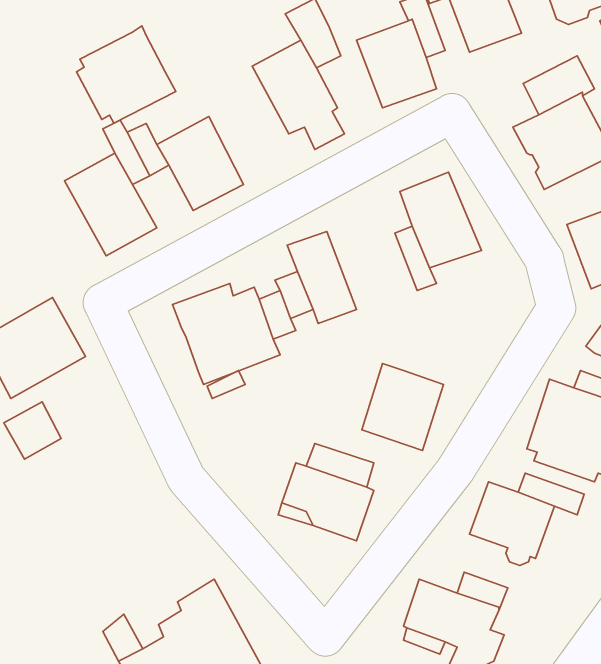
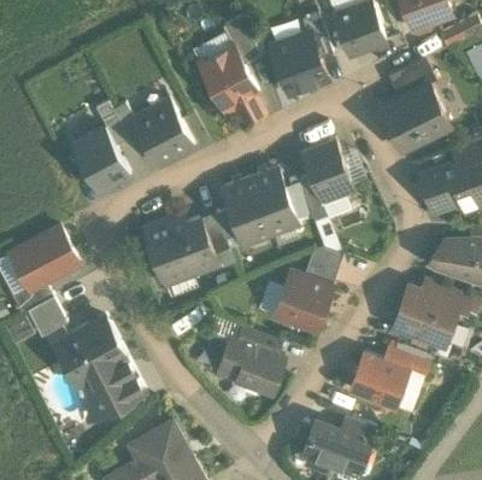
building: [76,26,176,123] -> none
building: none -> [249,169,296,234]
building: none -> [302,247,341,286]
building: none -> [48,311,148,428]

